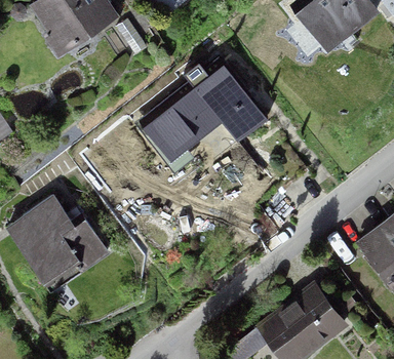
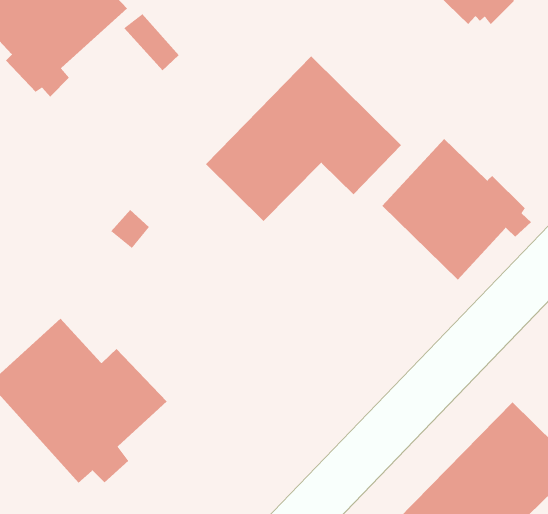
building: none -> [382,138,532,281]

